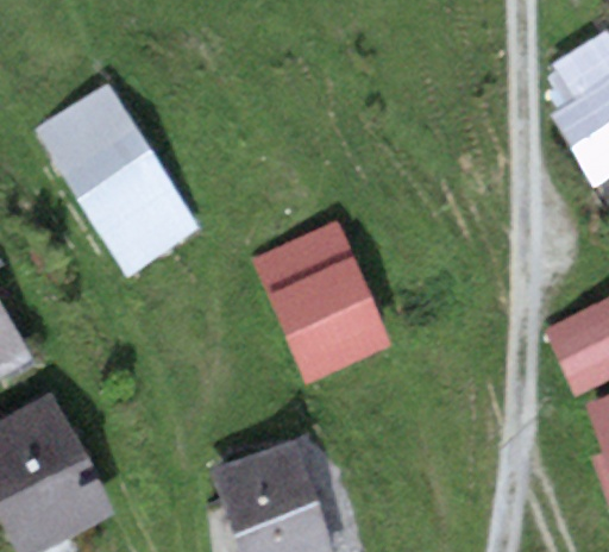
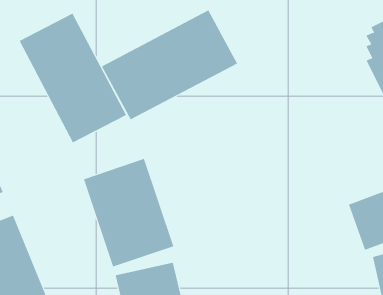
building: none -> [101,10,238,120]
building: [250,219,394,384] -> [83,158,174,267]

